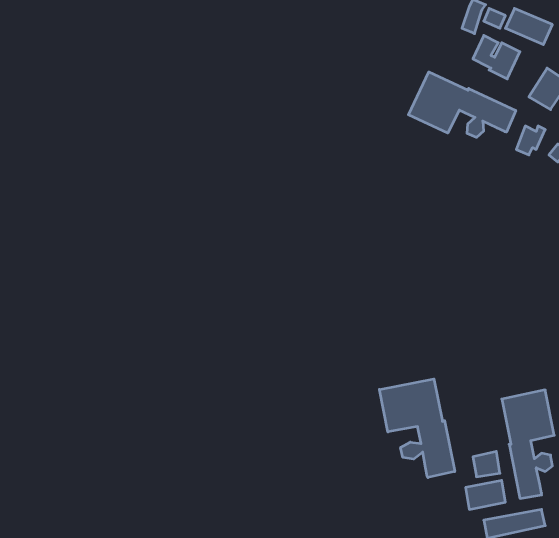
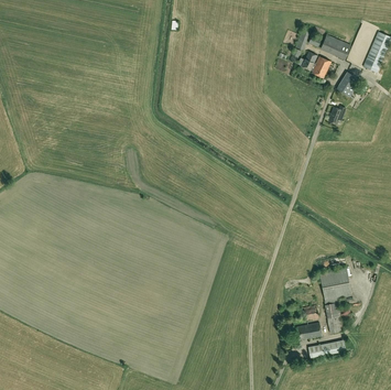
building: [408,72,516,137] -> none
building: [379,379,455,478] -> none

